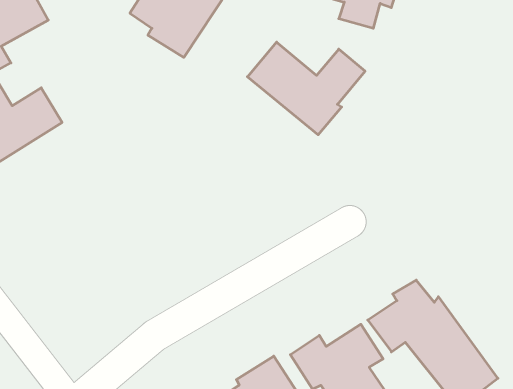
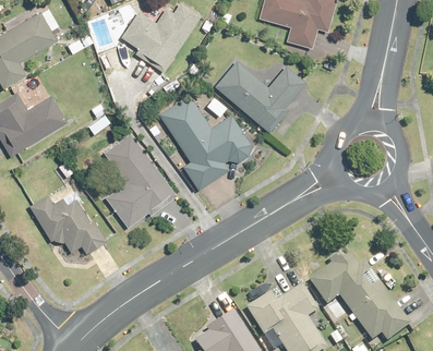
building: none -> [160,96,250,190]
building: none -> [103,134,175,228]
building: none -> [27,193,108,257]

